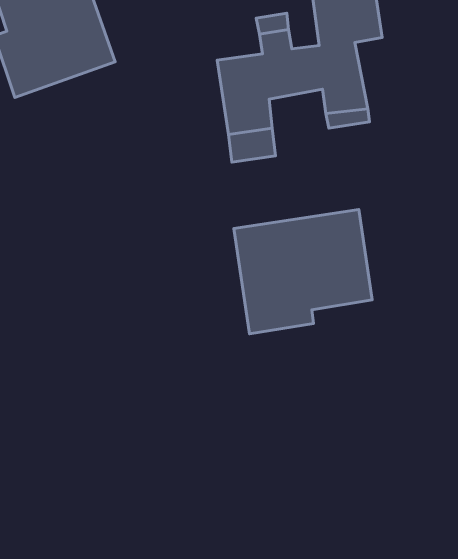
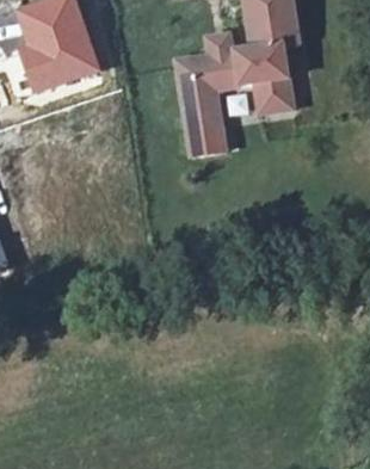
building: [234,209,372,334] -> none

